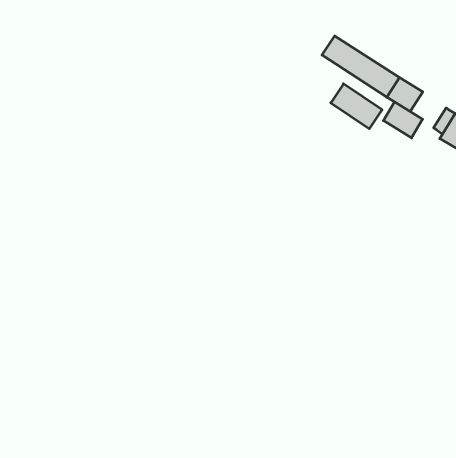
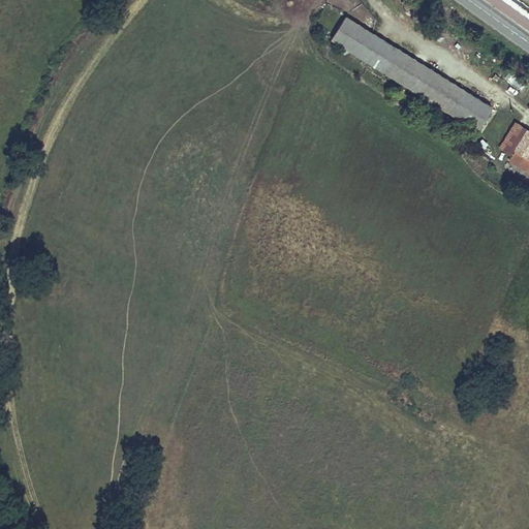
building: [331,84,382,129] -> [330,13,388,65]
building: [383,102,423,138] -> none

